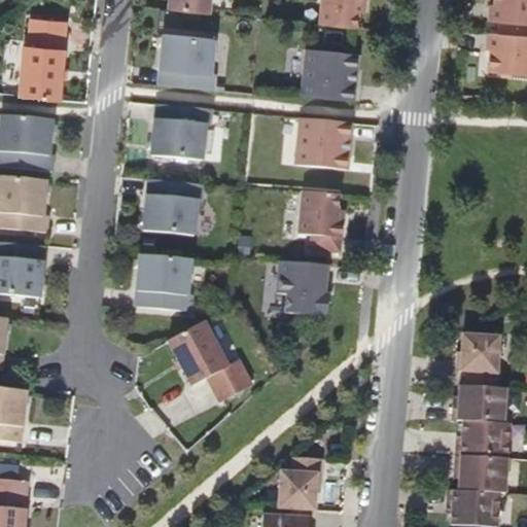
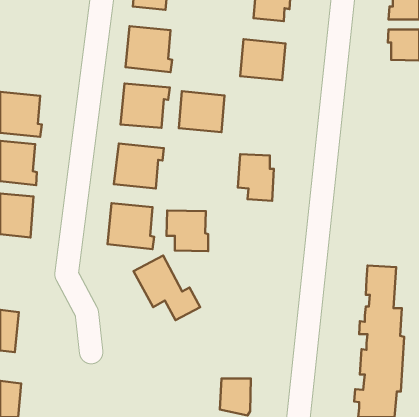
building: [19,19,65,100] -> none
building: [294,117,352,169] -> [179,91,225,132]
building: [277,267,329,318] -> [167,210,208,251]

